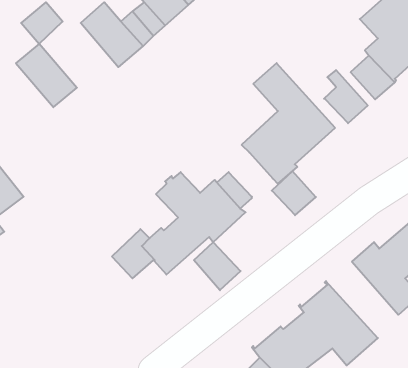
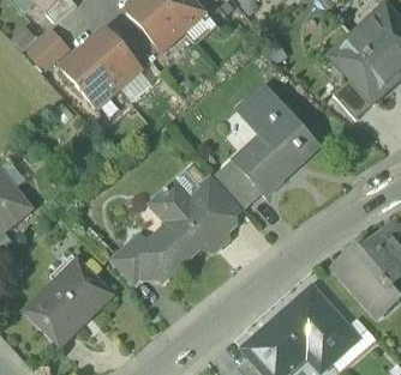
building: [16,44,77,107] -> [61,48,118,107]
building: [324,70,368,123] -> none
building: [272,171,316,215] -> [220,168,261,208]
building: [194,242,241,290] -> none
building: none -> [24,259,112,346]

